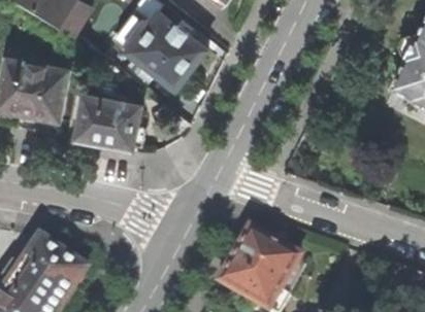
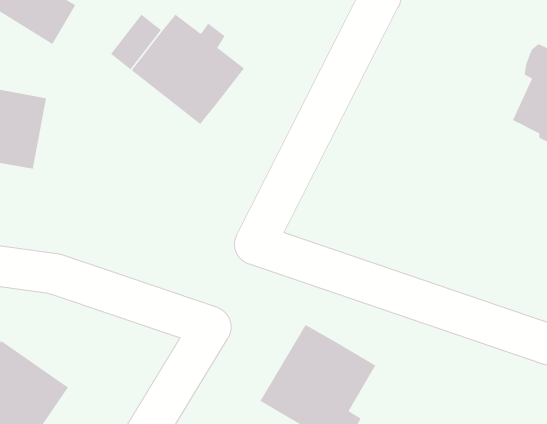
building: [76,89,144,149] -> none

